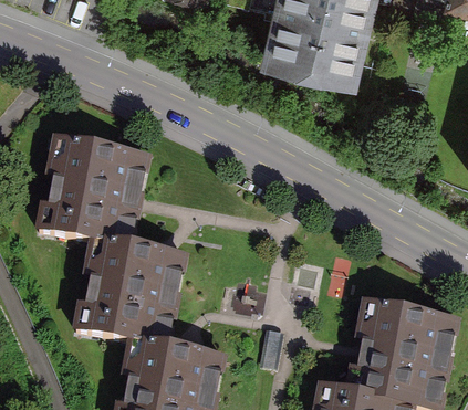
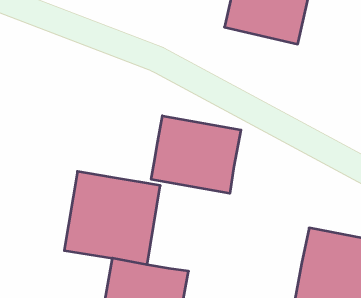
building: [45,140,148,243] -> none
building: none -> [151,116,241,193]

